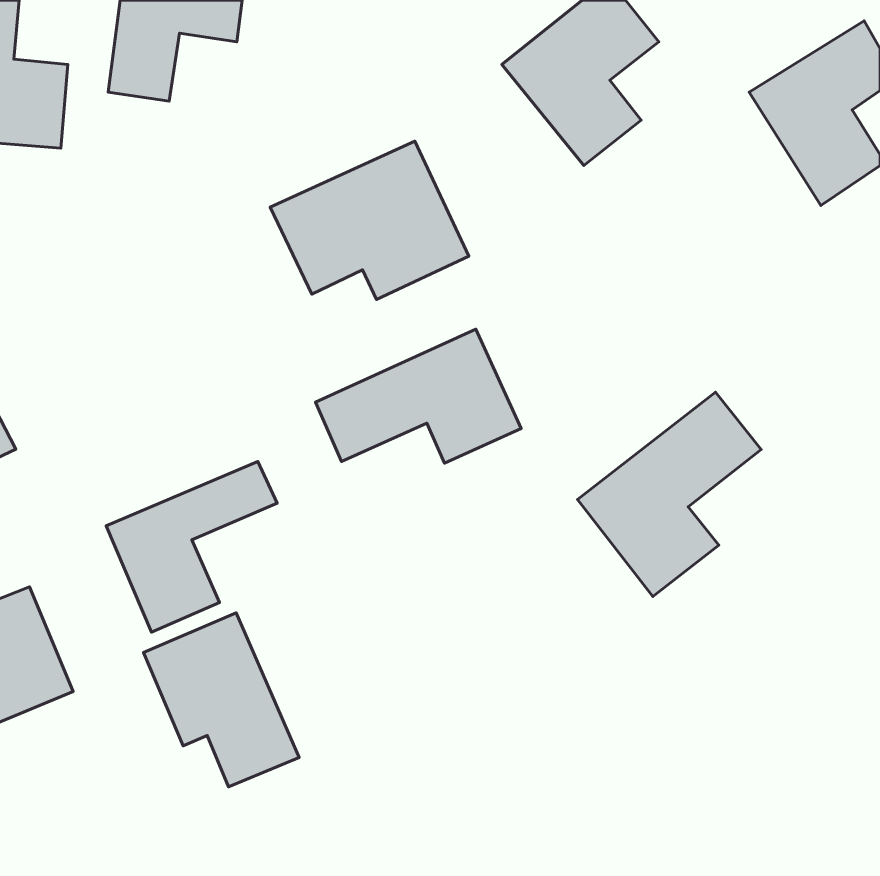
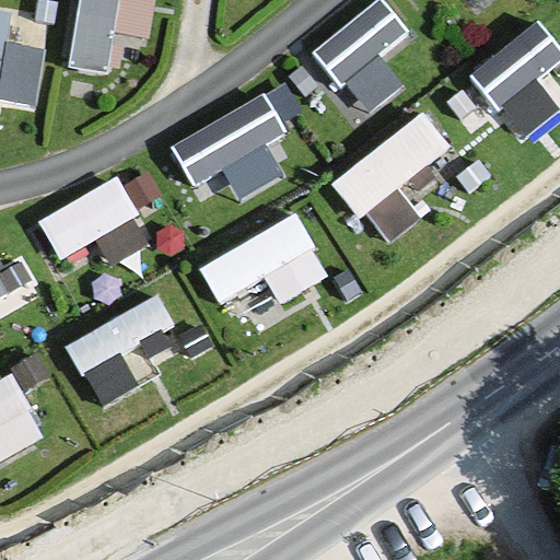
building: none -> [332,109,454,246]
building: none -> [38,177,139,258]
building: [577,392,761,597] -> none
building: [144,613,299,787] -> none

